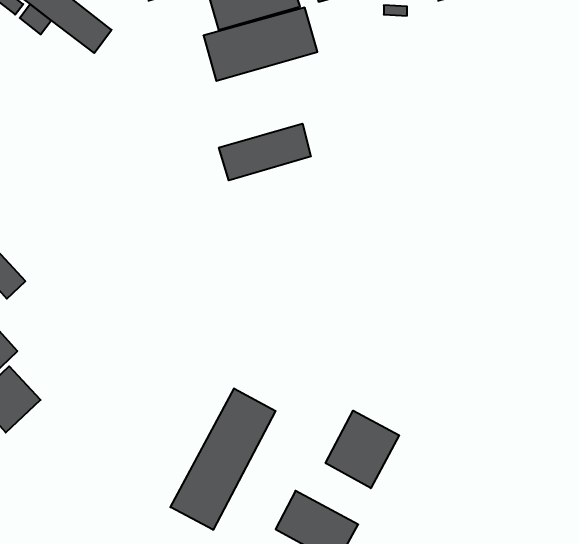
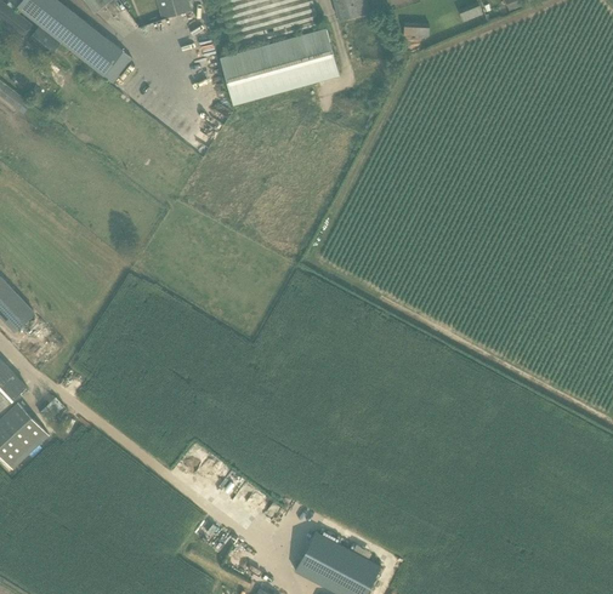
building: [219,124,311,180] -> none
building: [170,388,276,530] -> none
building: [326,411,399,488] -> none

